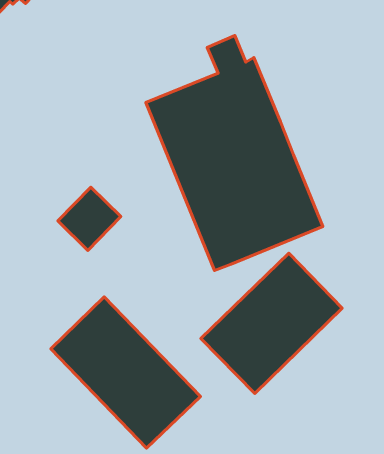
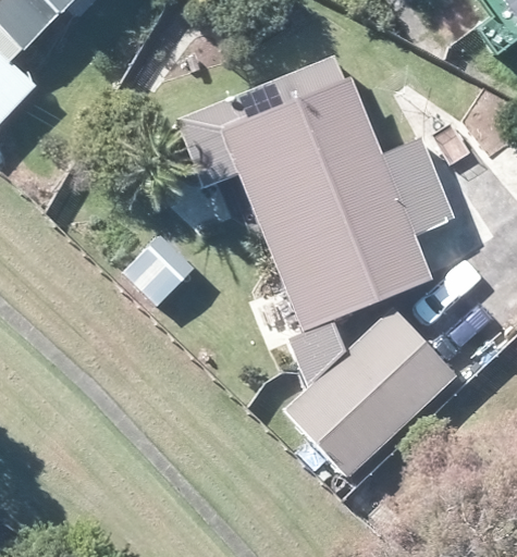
building: [51,297,201,448] -> none

